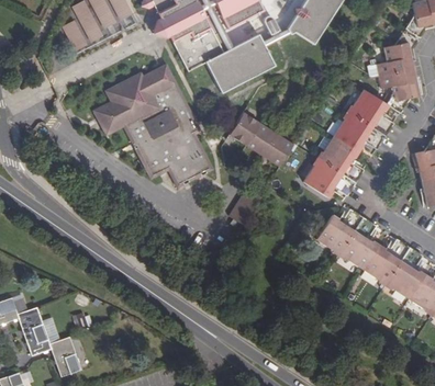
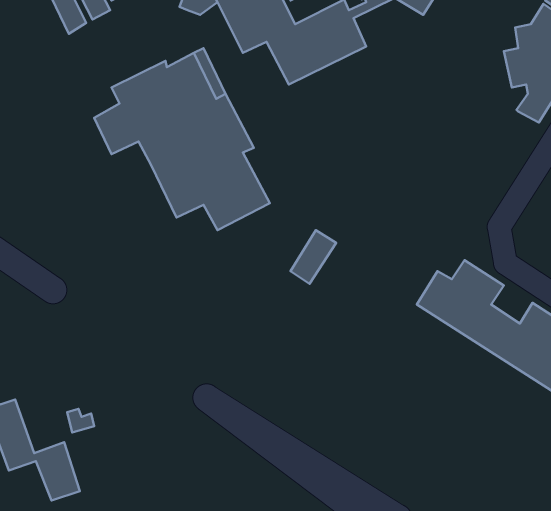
building: [303,91,393,198] -> none
building: [228,113,293,167] -> none

